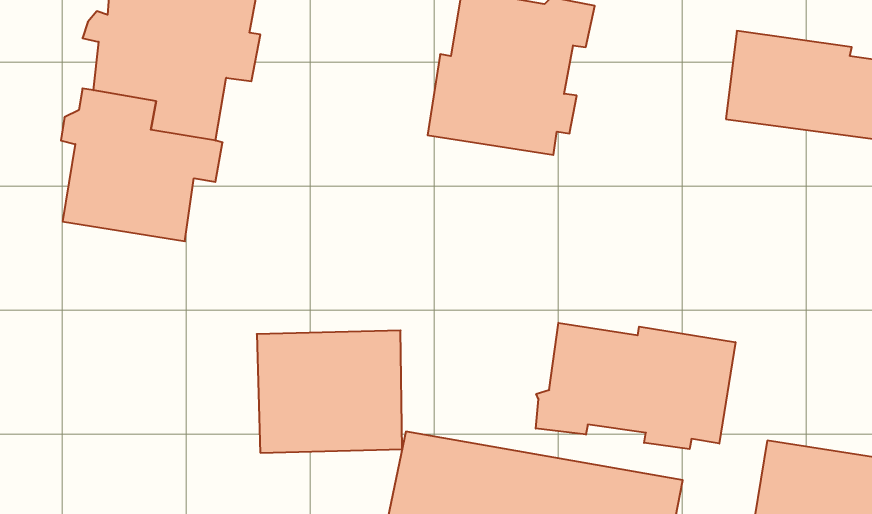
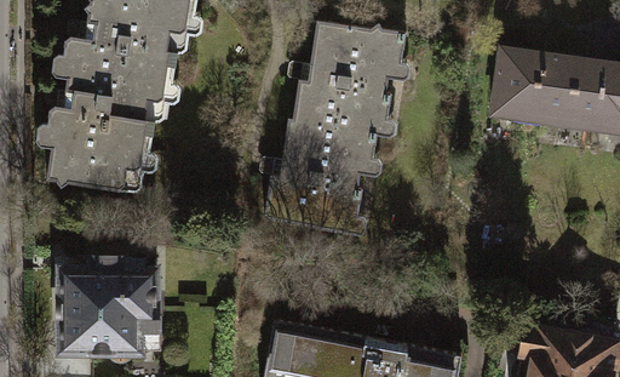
building: none -> [263,119,378,232]
building: [536,323,735,449] -> none
building: [257,330,402,453] -> [54,267,153,349]

